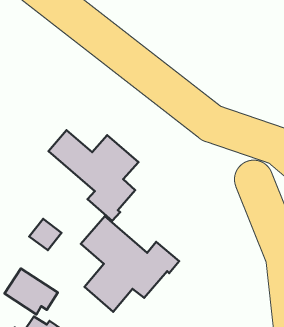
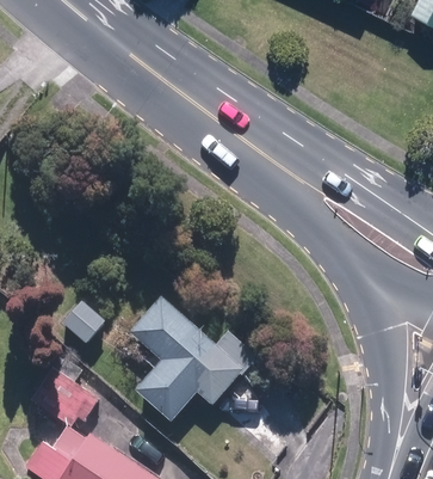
building: [49,130,139,221] -> none

